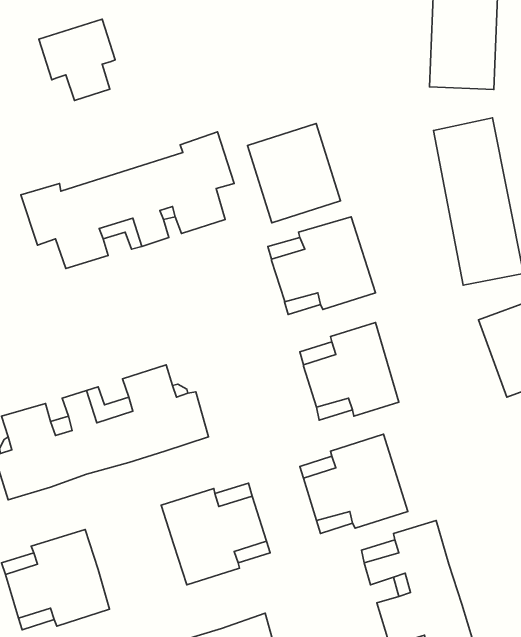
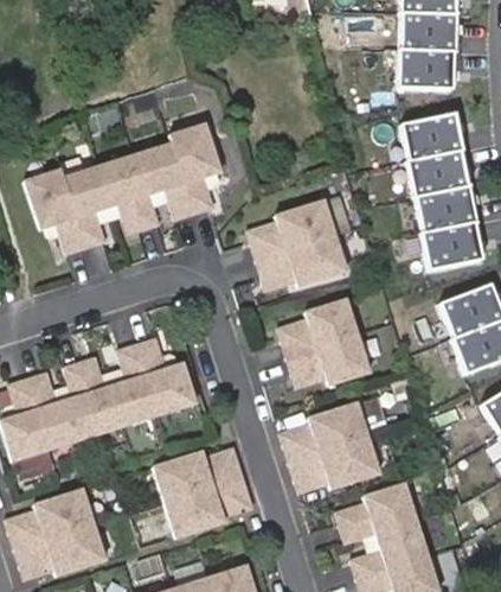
building: [39,19,115,100] -> none
building: [247,123,341,223] -> none

